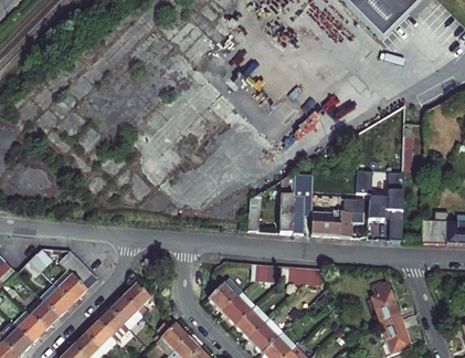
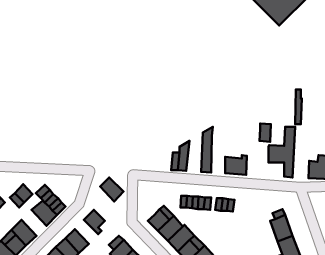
building: [292,185,311,234] -> none
building: [338,198,368,236] -> none
building: [40,283,73,317] -> none
building: [110,296,141,328] -> [100,177,123,202]

